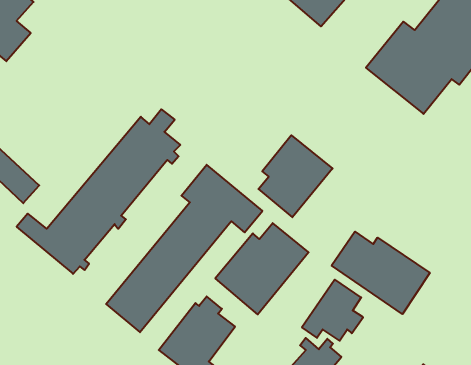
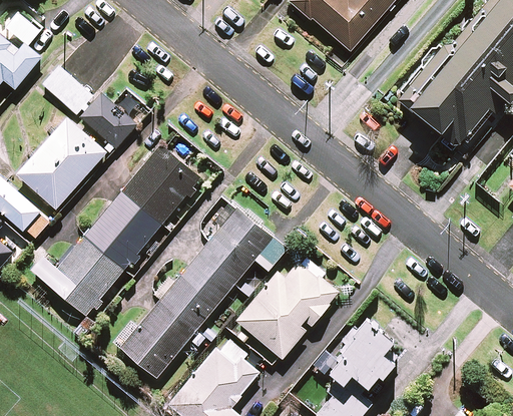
building: none -> [17,67,136,210]
building: [258,135,333,217] -> none
building: [332,232,430,314] -> none

